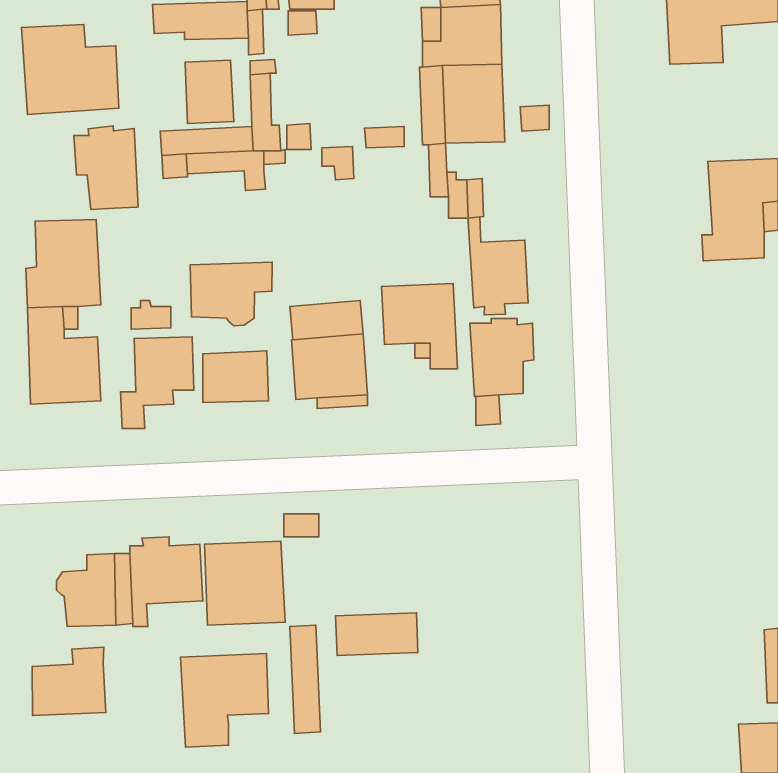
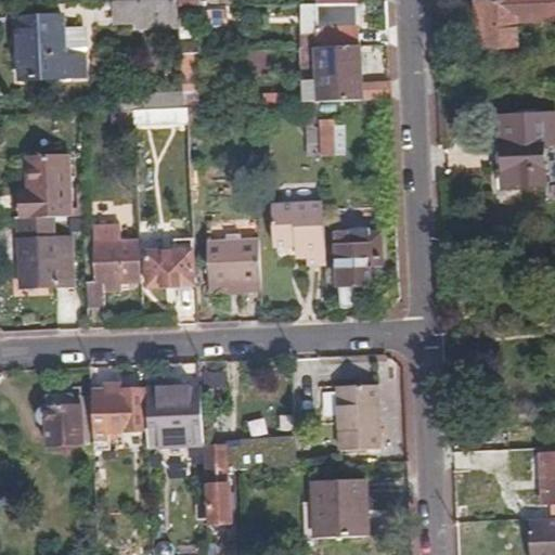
building: [185,60,234,124] -> none
building: [74,126,138,209] -> none
building: [468,217,528,315] -> none
building: [190,262,272,326] -> none
building: none -> [336,384,377,448]
building: [32,647,106,715] -> none
building: [180,654,269,747] -> none
building: none -> [311,477,366,537]

